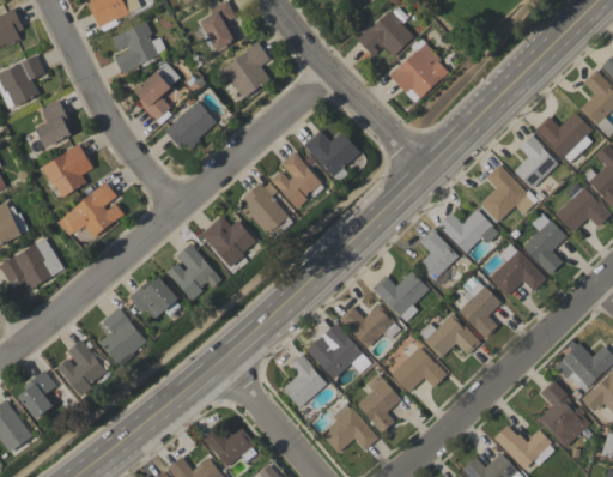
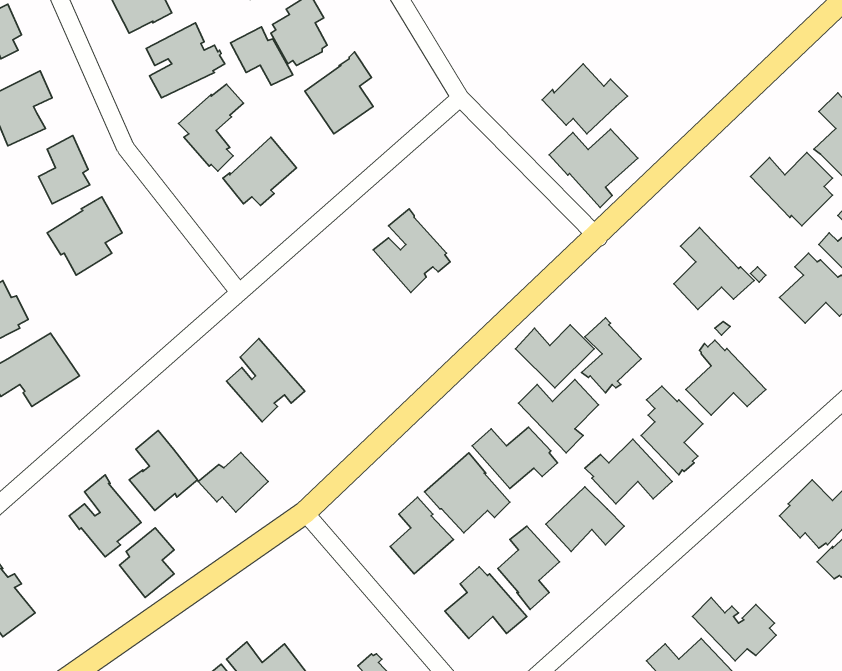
building: [357,11,414,56] -> none
building: none -> [231,27,293,85]
building: [304,127,366,182] -> [549,129,638,208]
building: [514,134,558,188] -> none
building: [57,181,125,237] -> none
building: [242,182,293,240] -> none
building: [438,209,493,253] -> [516,325,594,388]
building: [523,212,568,274] -> none
building: [201,216,256,267] -> none
building: [129,277,178,319] -> [198,452,268,512]
building: [19,369,57,418] -> [119,528,174,598]
building: [539,380,590,447] -> none
building: [202,425,257,466] -> none

